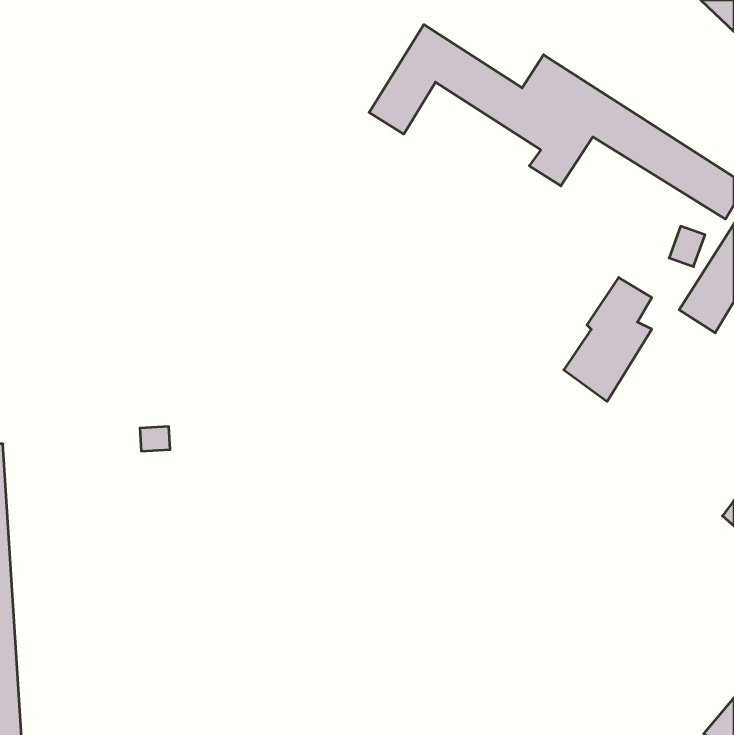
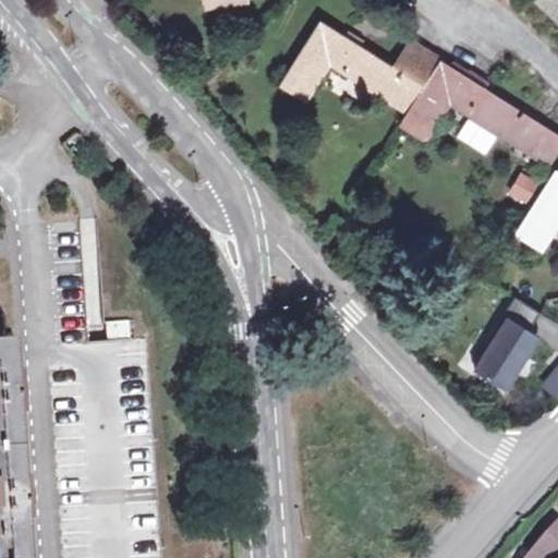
building: [564,277,652,401] -> [473,299,539,392]

